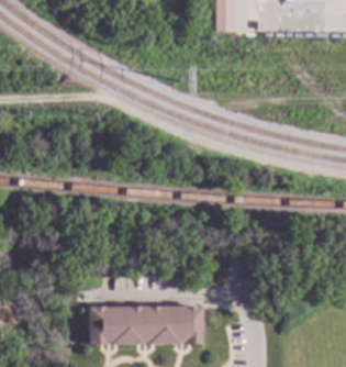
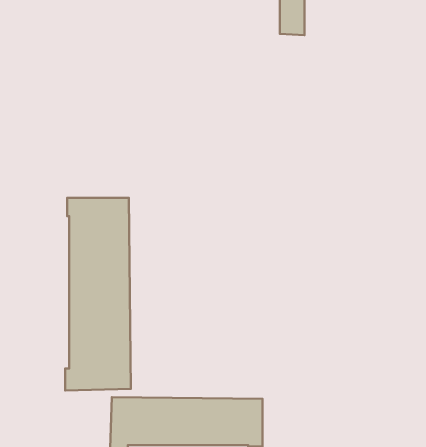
building: none -> [65,198,131,391]

